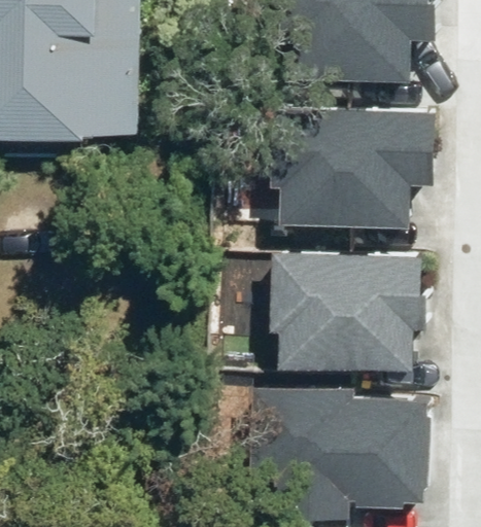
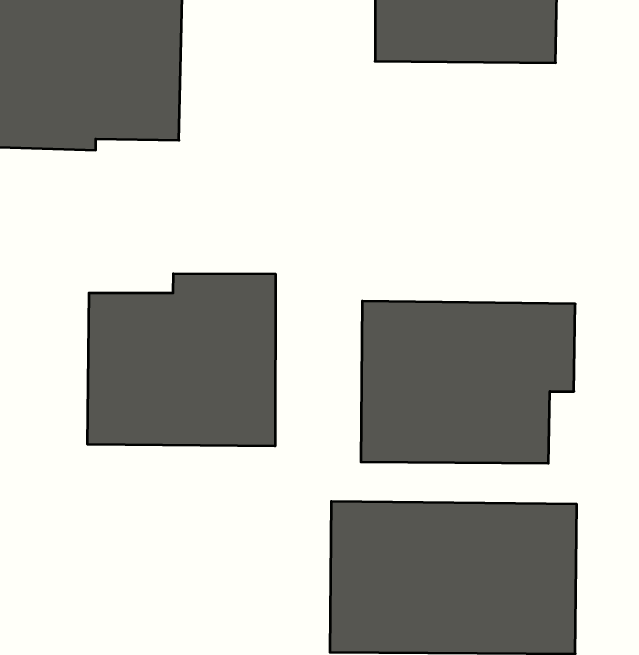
building: [277,115,432,222] -> none
building: none -> [88,274,275,446]

